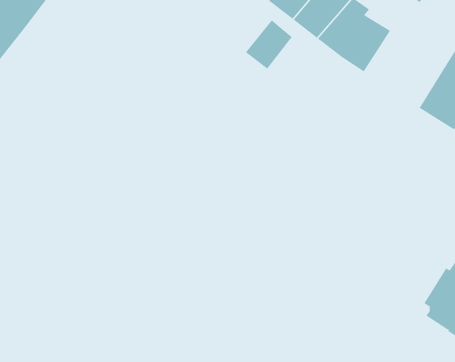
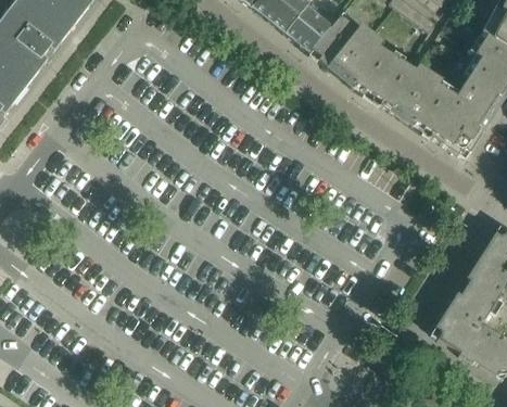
building: [245,19,292,70] -> none
building: none -> [378,61,457,136]

